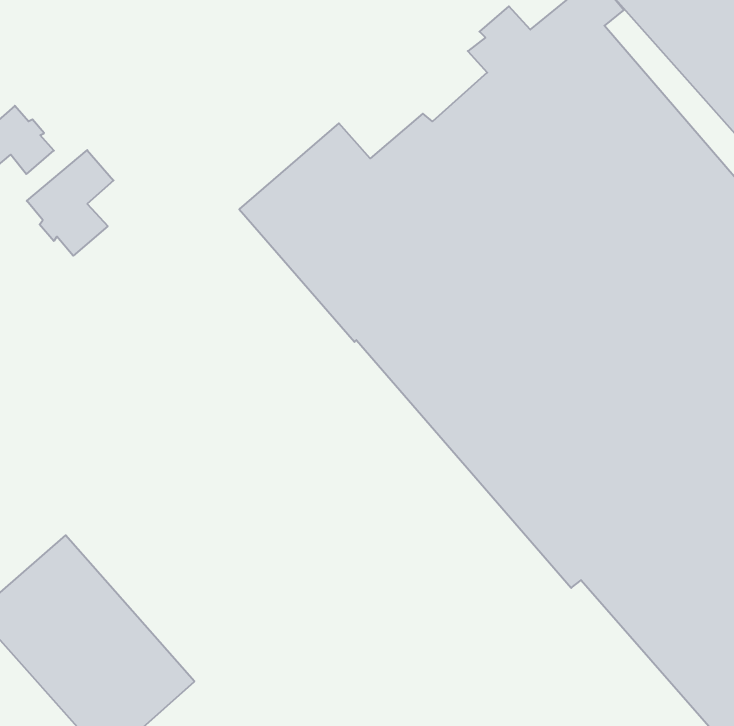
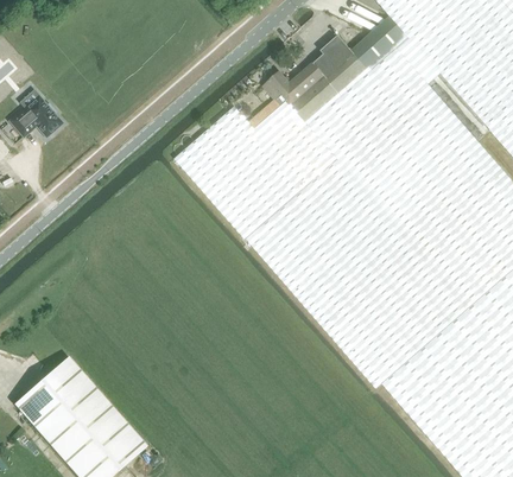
building: none -> [264,63,325,106]
building: [27,150,114,256] -> none

